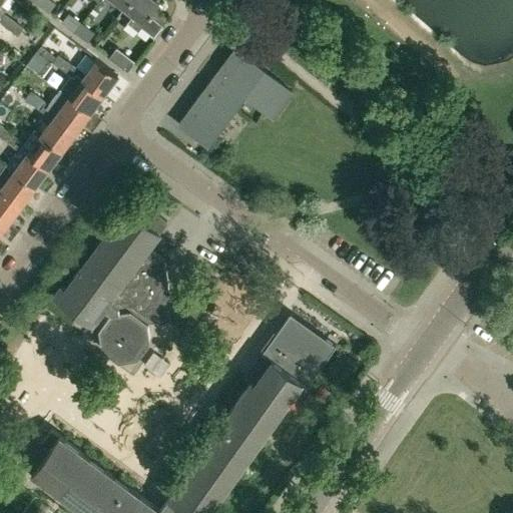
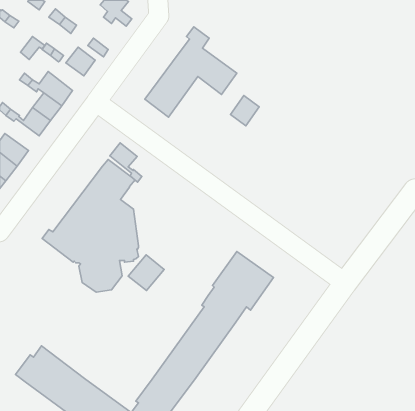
building: [68,83,103,117] -> none
building: none -> [230,95,259,126]
building: [6,152,48,191] -> none
building: none -> [110,143,142,182]
building: none -> [128,255,164,291]

